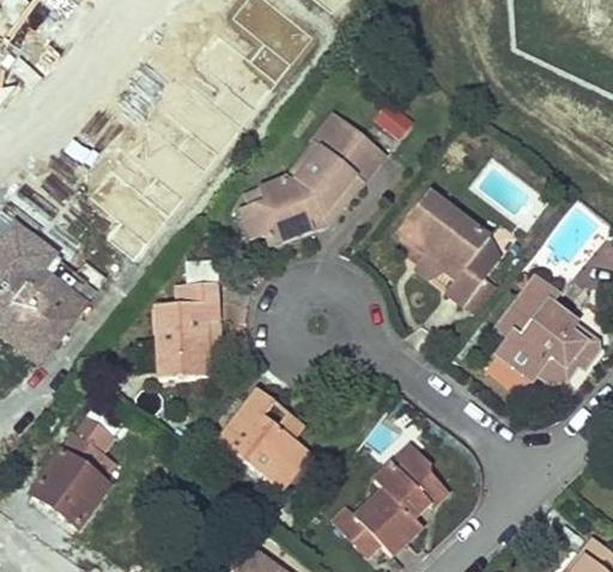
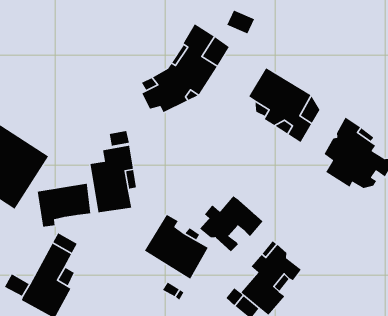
building: none -> [37,183,91,227]
building: none -> [199,195,264,252]

